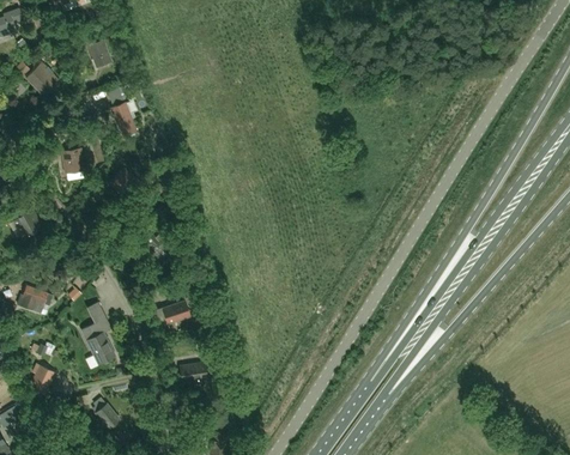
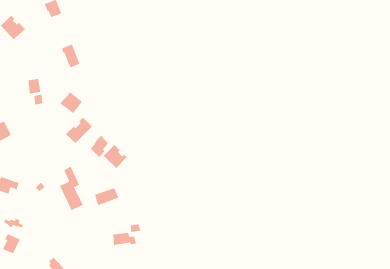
building: none -> [65,117,93,144]
building: none -> [103,144,128,169]
building: [81,303,115,365] -> [59,166,83,211]

